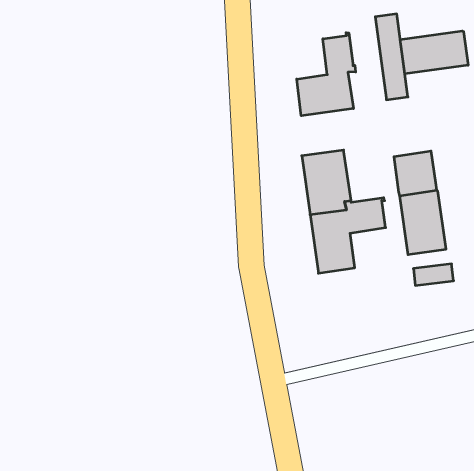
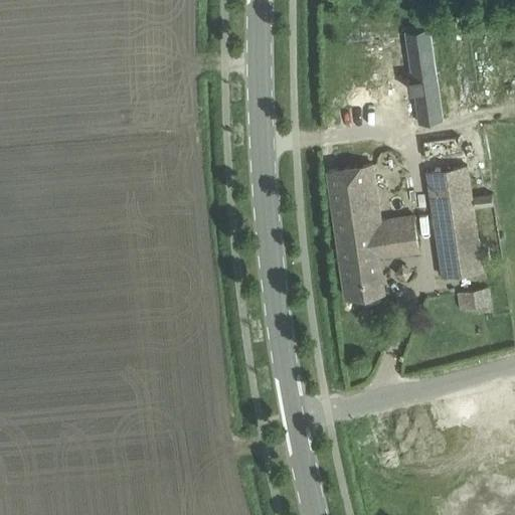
building: [400,31,468,74] -> none
building: [297,33,356,116] -> none

